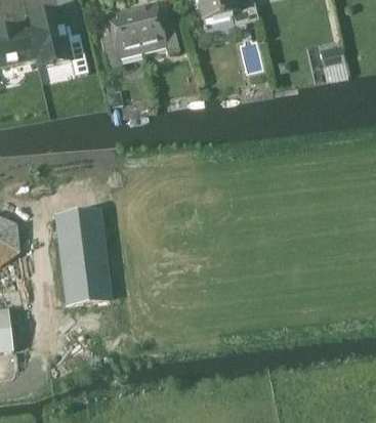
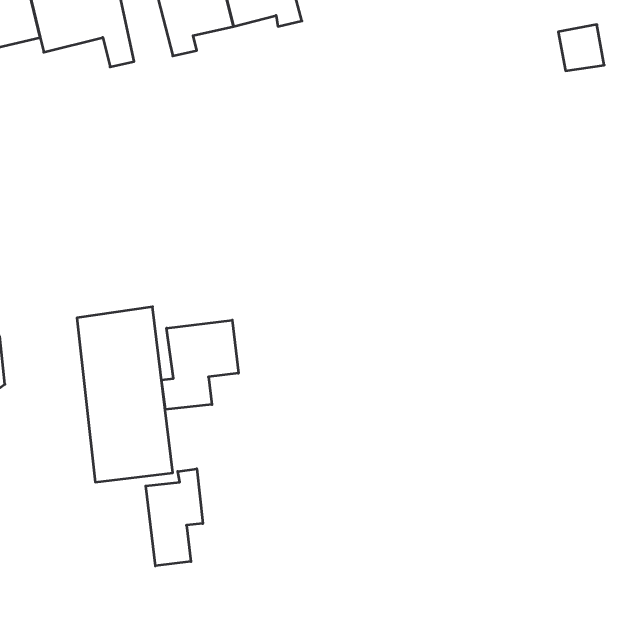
building: none -> [161,320,238,410]
building: none -> [146,469,203,566]

